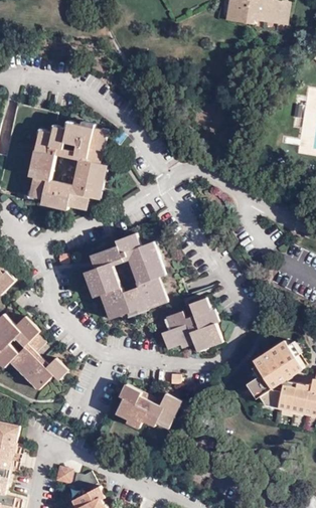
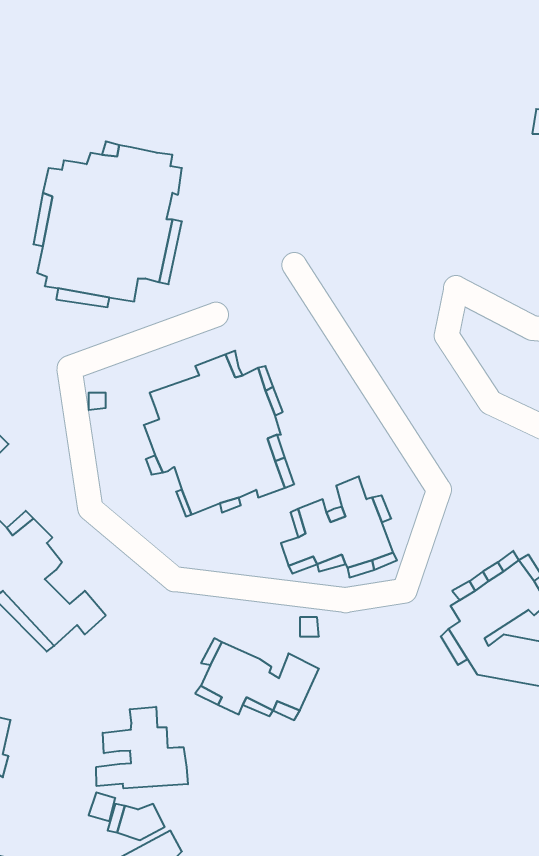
building: none -> [96,707,188,788]

